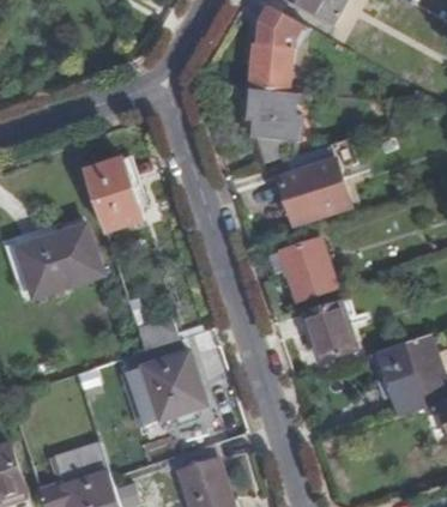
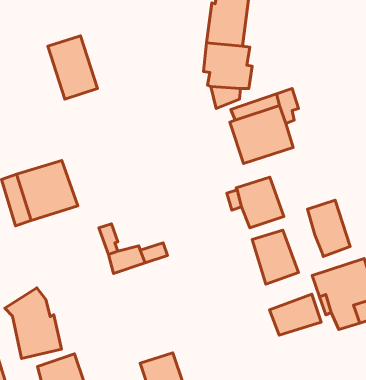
building: [86,161,143,233] -> [48,36,98,99]
building: none -> [307,200,350,257]
building: [144,354,206,421] -> none
building: none -> [5,288,61,358]
building: none -> [269,294,321,335]

